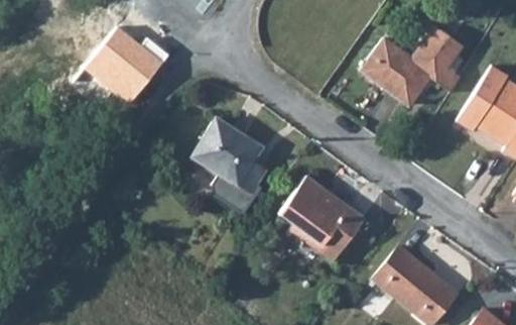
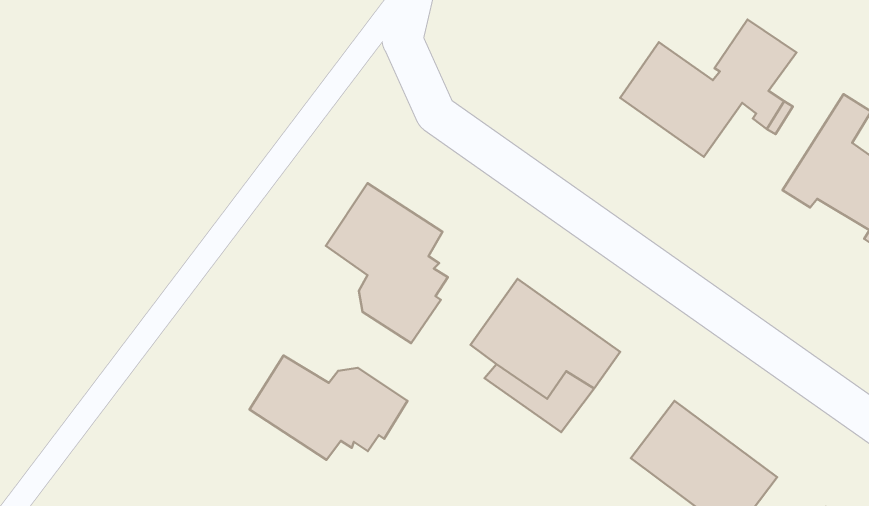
building: [85,28,166,105] -> none
building: none -> [249,356,408,460]

